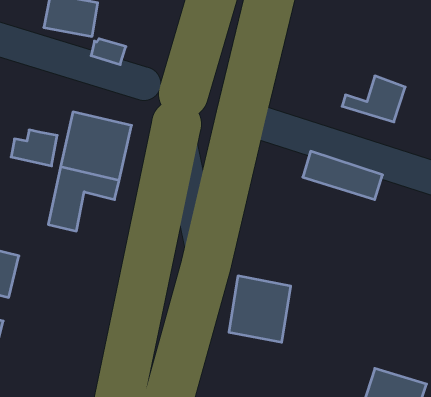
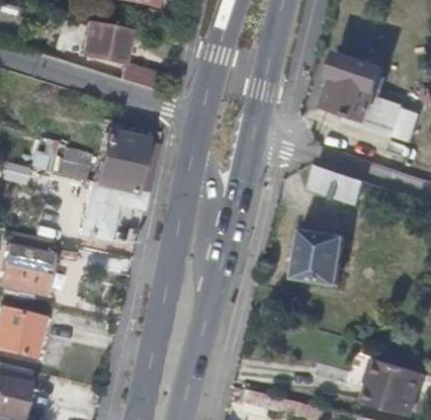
building: none -> [328,53,386,120]
building: [229,276,291,342] -> [295,227,351,286]

